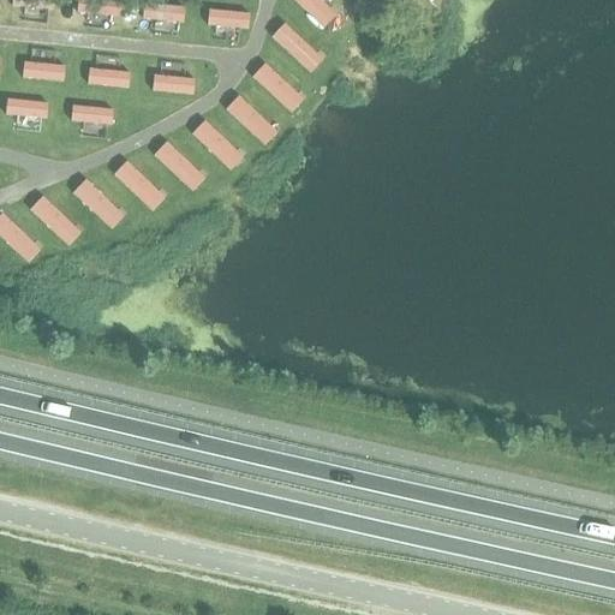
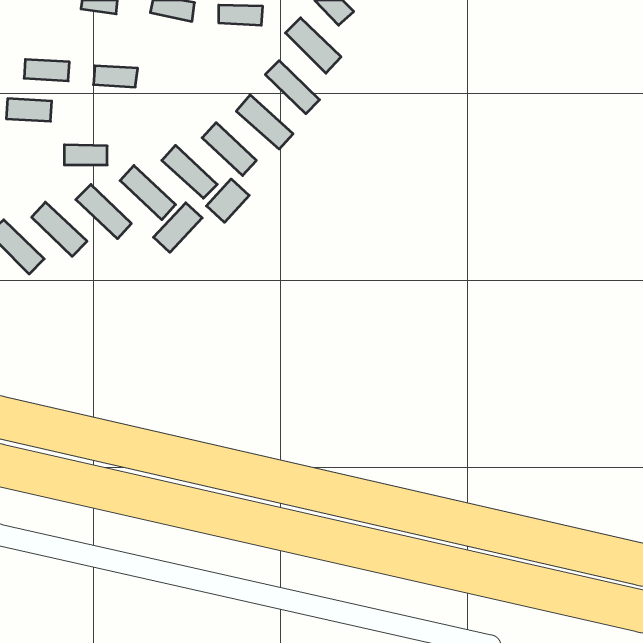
building: [153,71,196,92] -> none
building: [72,103,113,123] -> [64,145,107,165]
building: none -> [206,179,249,222]
building: none -> [153,203,202,252]

